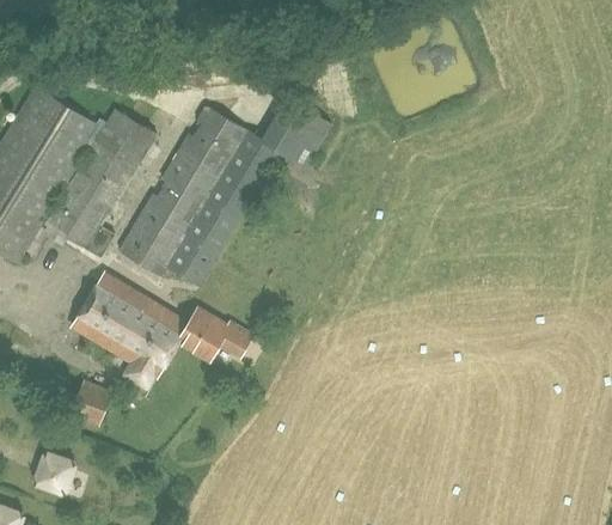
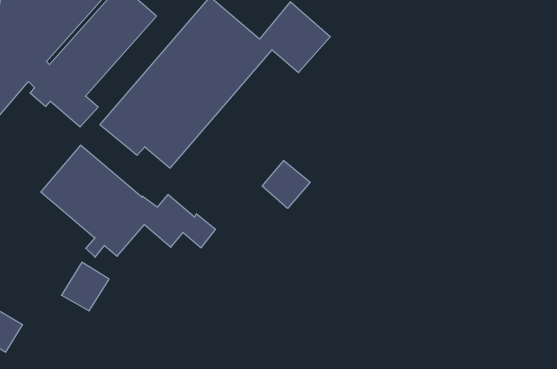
building: none -> [262,160,310,208]
building: [69,379,114,426] -> [61,262,109,311]

